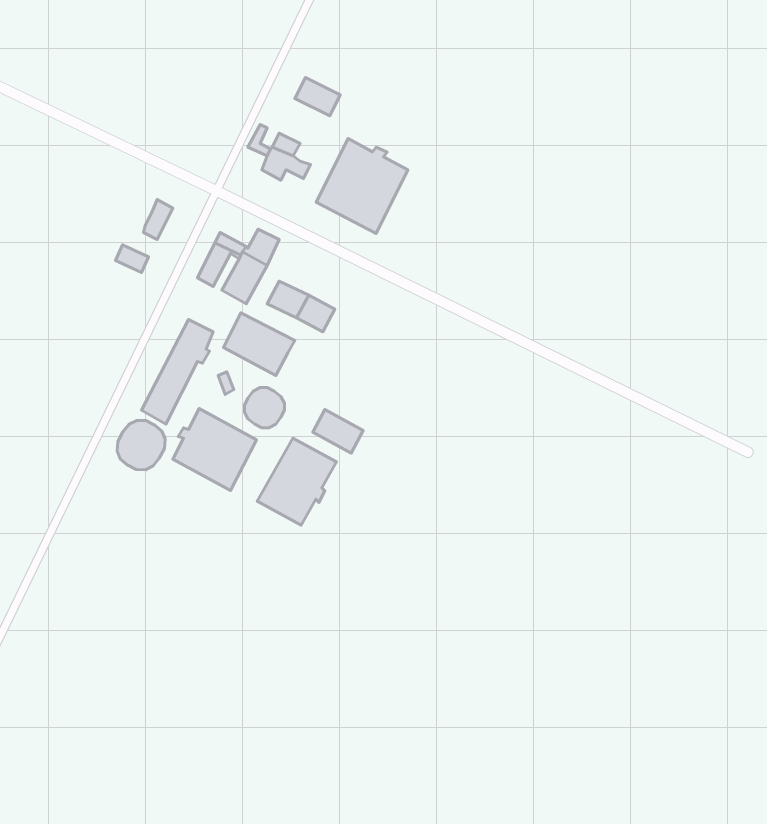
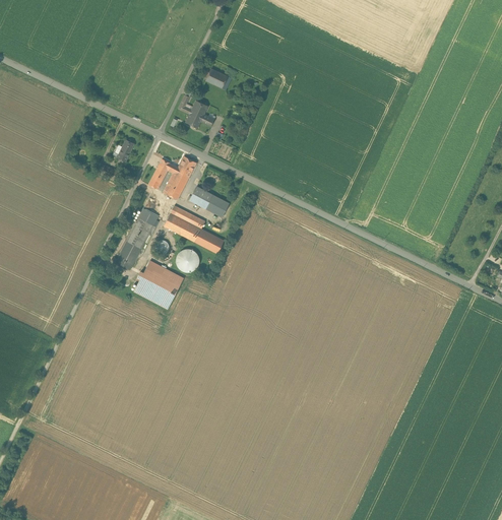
building: [316,139,408,233] -> none
building: [313,410,363,453] -> [194,228,224,253]
building: [117,420,165,470] -> none
building: [257,438,337,525] -> none

